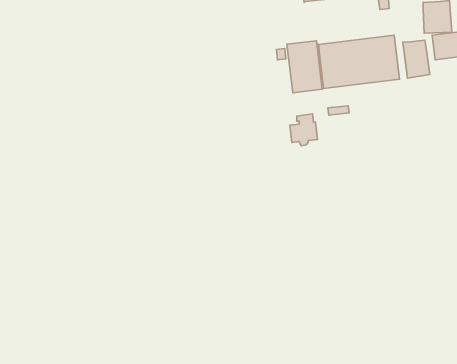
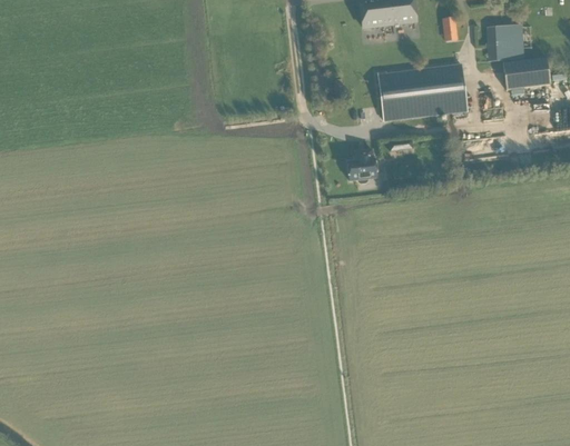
building: [403,40,430,78] -> none
building: [287,41,322,93] -> none

